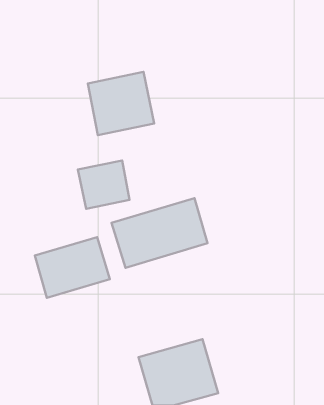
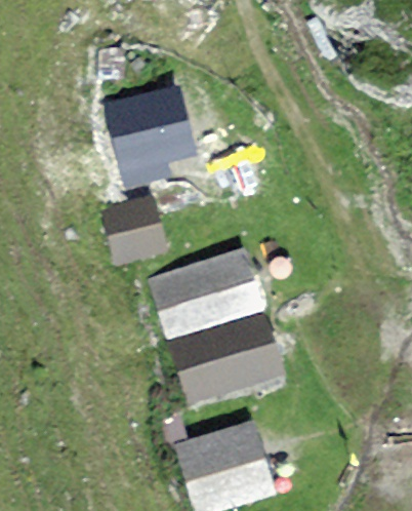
building: [35,237,110,298] -> none
building: none -> [164,312,285,404]

